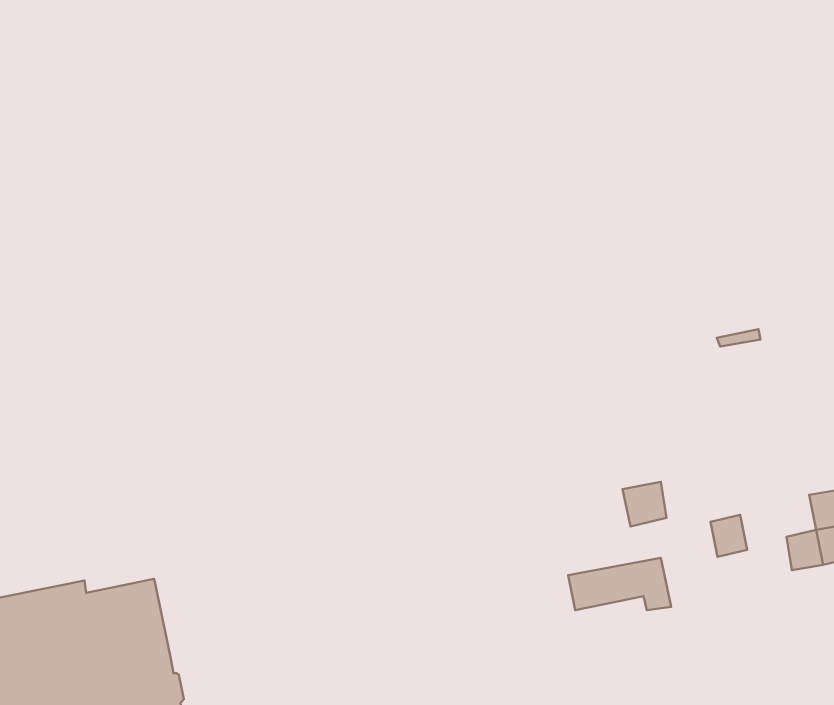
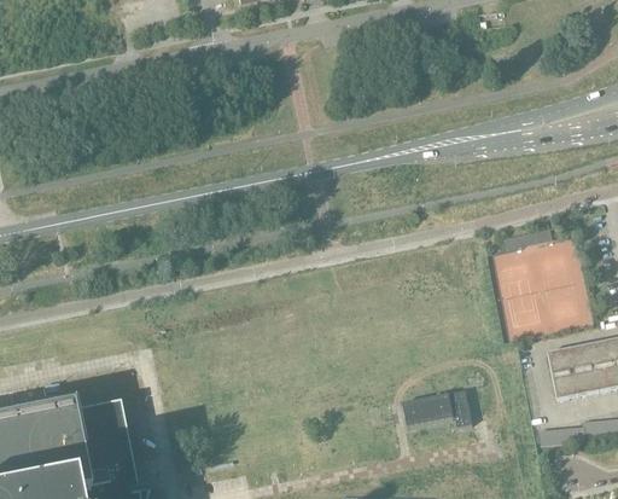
building: [622,482,666,526] -> none
building: [710,515,747,557] -> [547,346,572,375]

